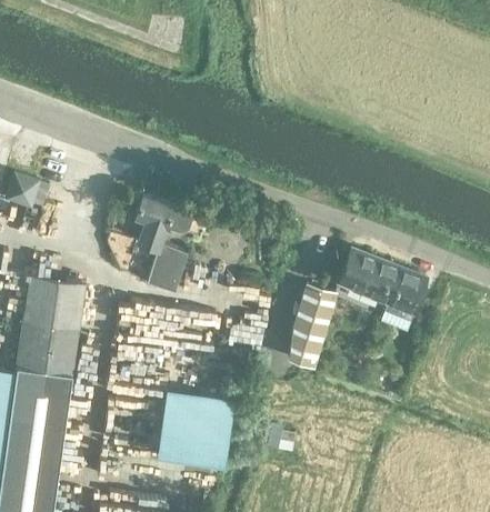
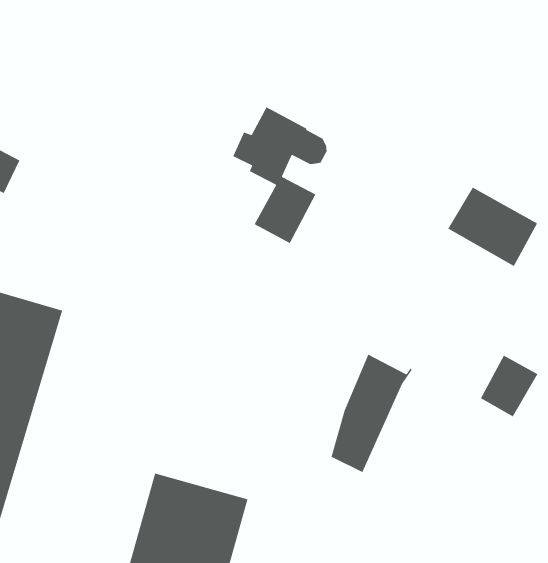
building: [123,198,190,292] -> [232,106,328,244]
building: [336,252,399,304] -> [447,187,538,267]

